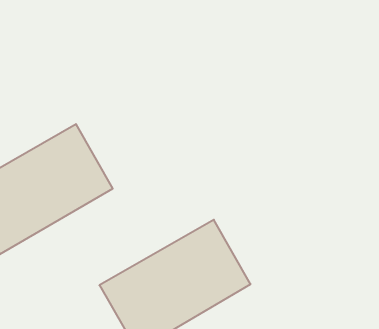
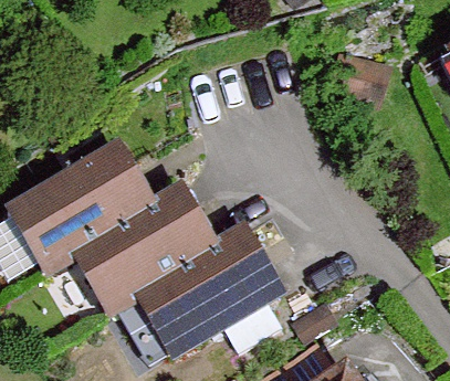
building: none -> [73,186,223,315]

